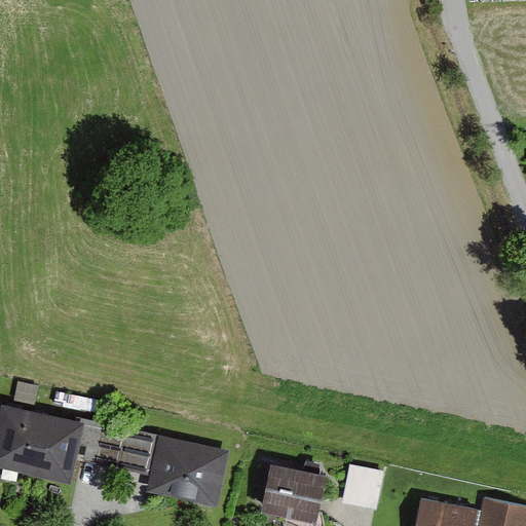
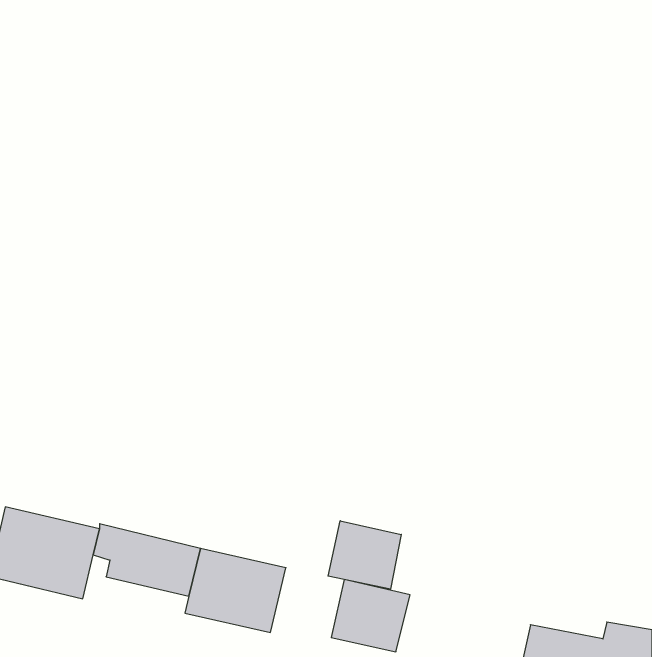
building: none -> [328,521,401,589]
building: [343,464,383,508] -> none

